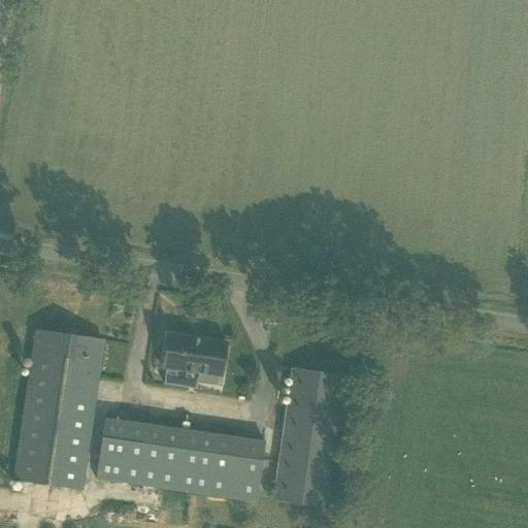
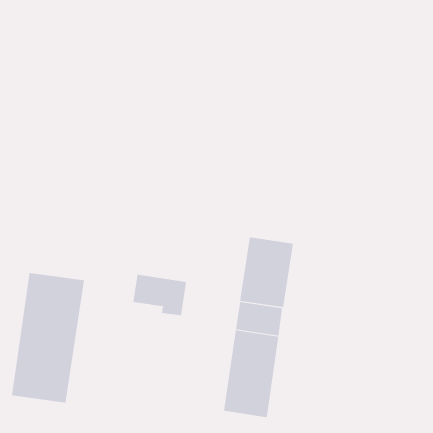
building: none -> [239,237,293,308]
building: [97,418,266,501] -> none

